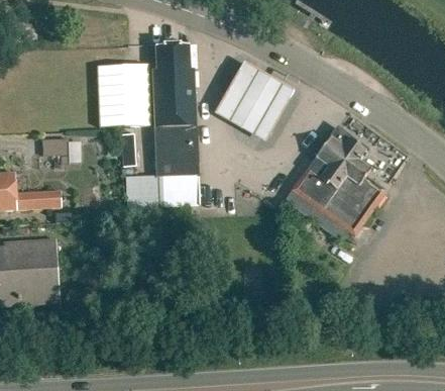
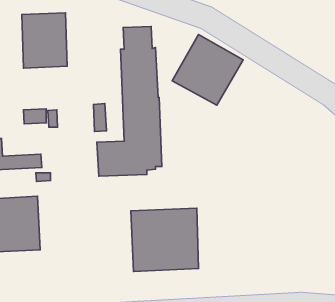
building: [97,63,149,126] -> [22,13,67,68]
building: [292,128,383,235] -> none
building: none -> [131,208,198,271]

